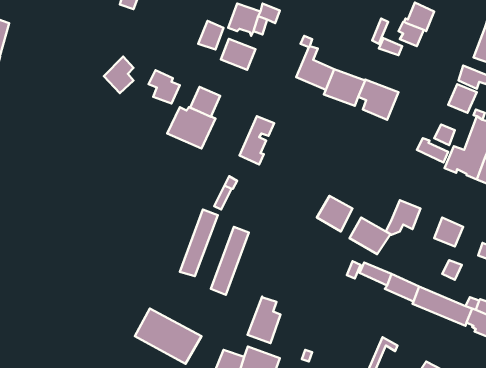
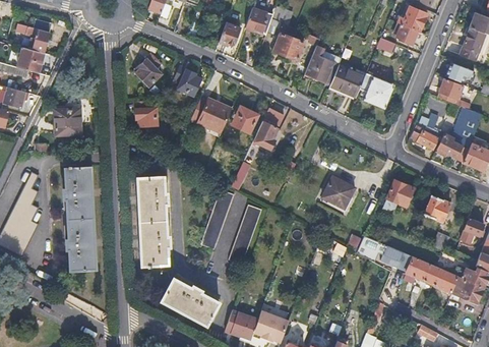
building: [221,39,255,70] -> [273,33,304,60]
building: [190,87,220,117] -> [233,105,259,131]
building: none -> [133,100,157,125]
building: none -> [54,109,81,136]
building: none -> [63,167,95,270]
building: none -> [138,176,171,264]
building: [350,217,391,254] -> none
building: [248,297,281,343] -> none

